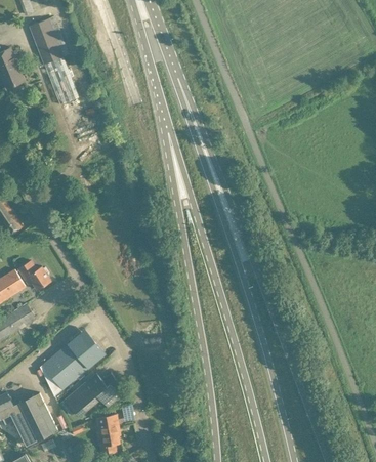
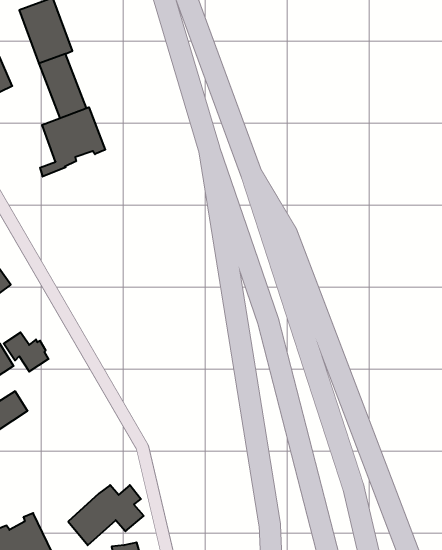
building: none -> [40,107,105,177]
building: [40,330,105,397] -> none

